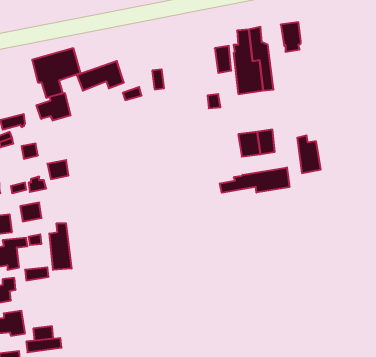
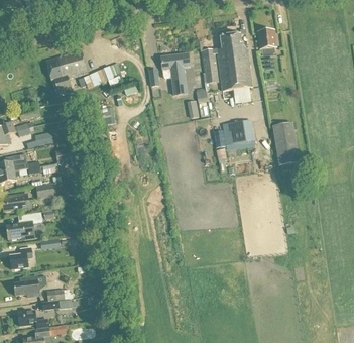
building: none -> [160,52,189,96]
building: [37,93,71,121] -> none
building: [220,167,289,193] -> none
building: [49,223,72,270] -> none

